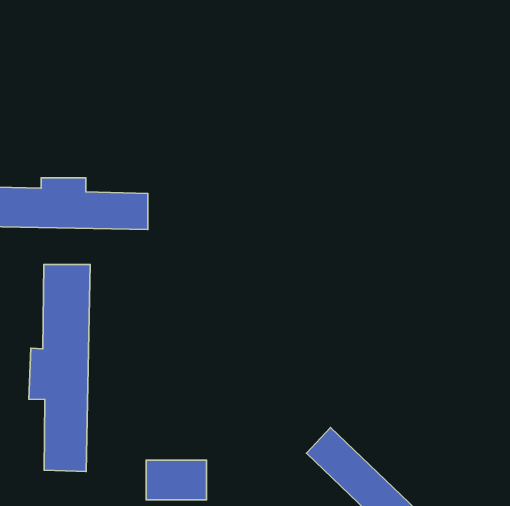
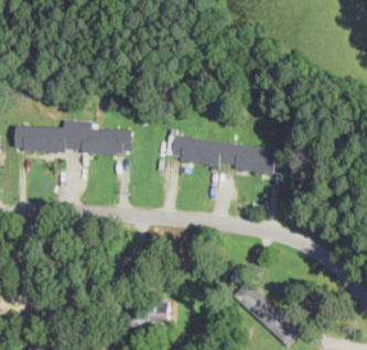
building: none -> [171,134,285,174]
building: [29,264,90,472] -> none

